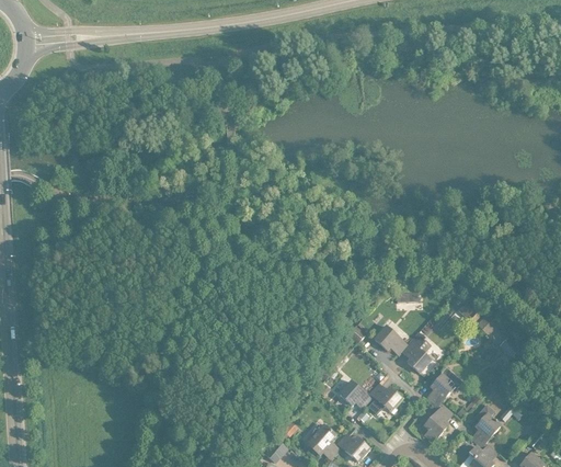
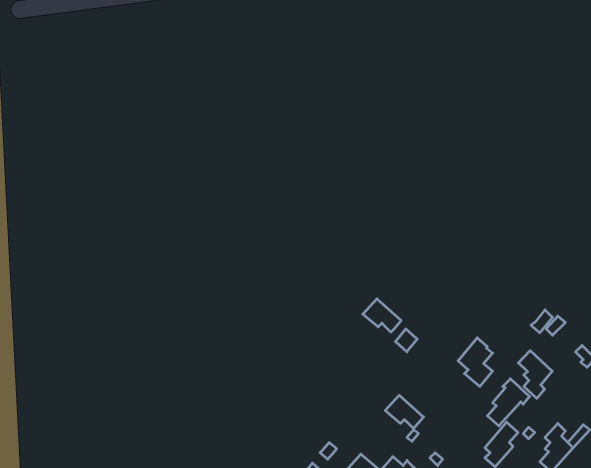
building: [373,326,405,354] -> [363,299,401,332]
building: none -> [518,351,552,398]
building: [368,383,401,411] -> none

